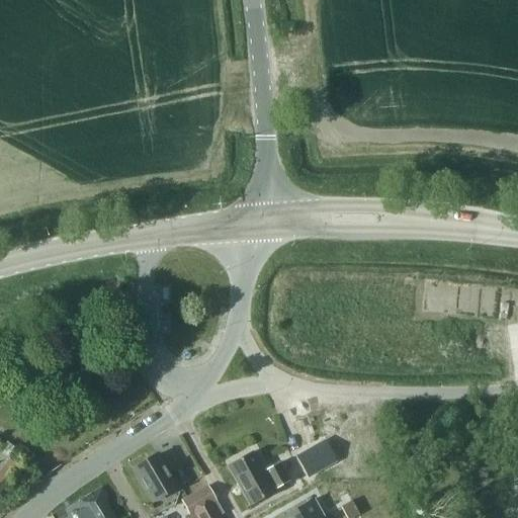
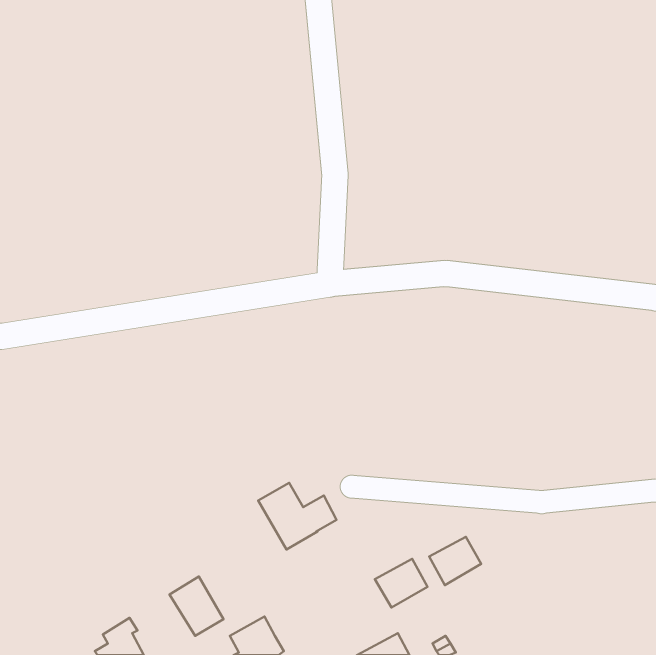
building: none -> [429,537,481,585]
building: [228,452,289,505] -> [258,483,337,549]

